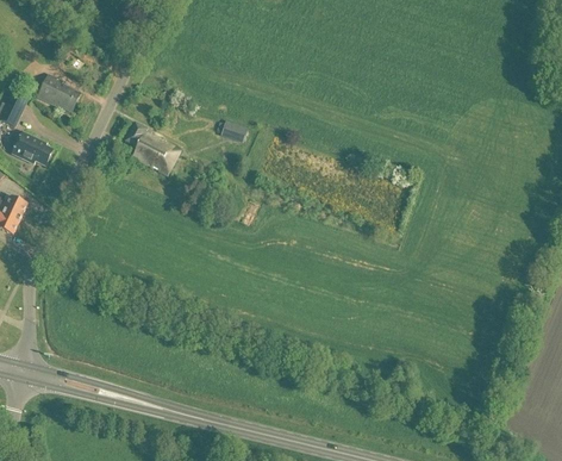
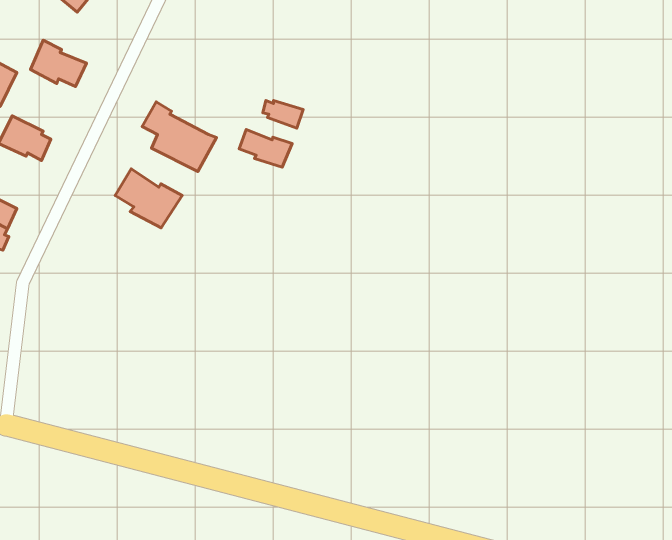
building: none -> [239,129,292,167]
building: none -> [115,169,182,228]

